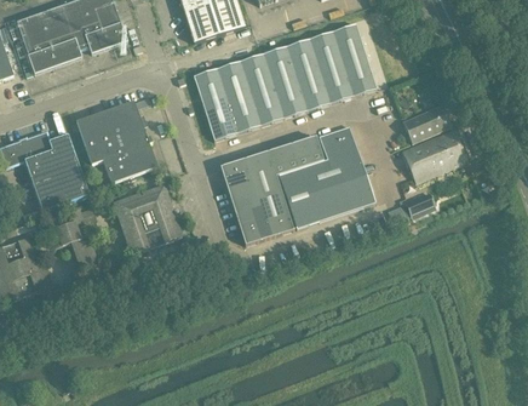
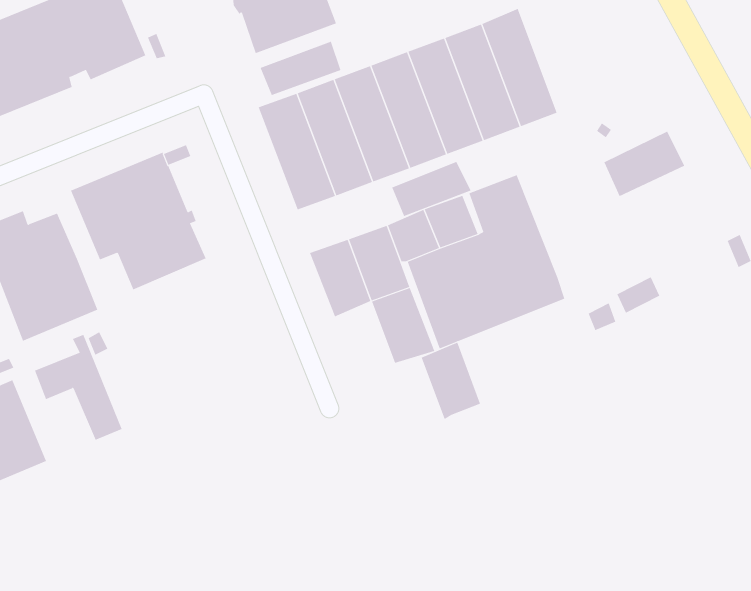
building: none -> [260,41,341,96]
building: none -> [391,161,472,217]
building: [402,127,466,181] -> none
building: [113,184,180,252] -> none
building: [233,196,268,244] -> [421,342,481,420]

